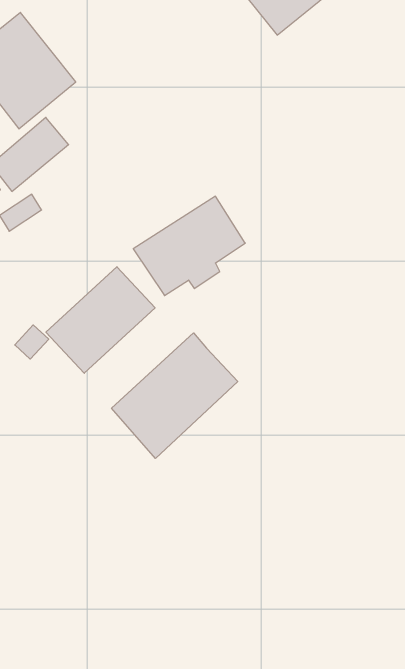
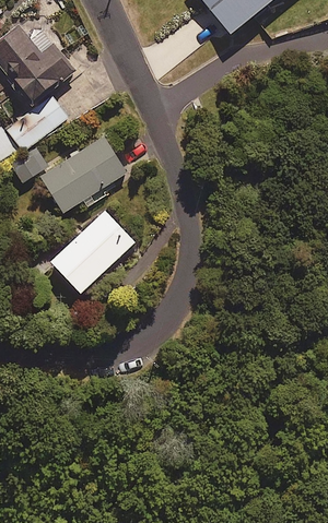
building: [133,196,245,296] -> [39,135,126,212]
building: [112,333,238,458] -> none

